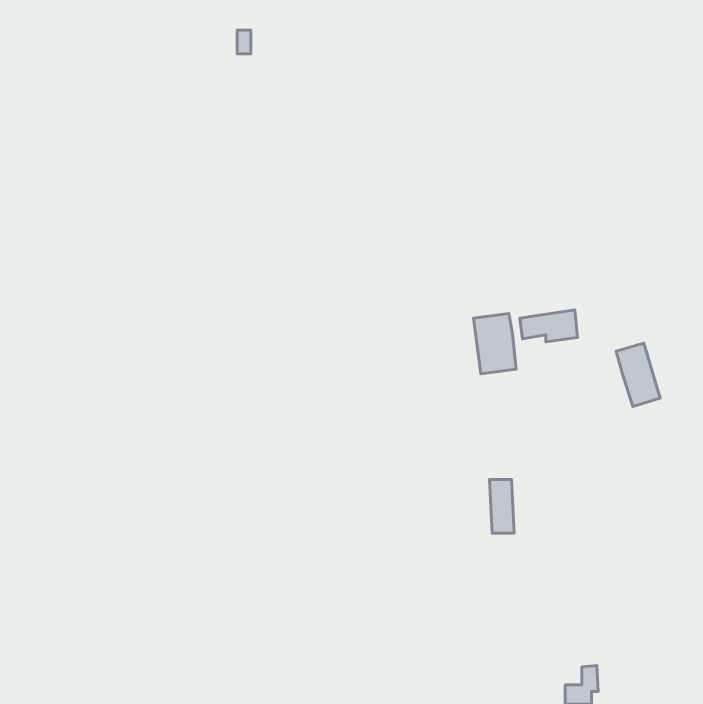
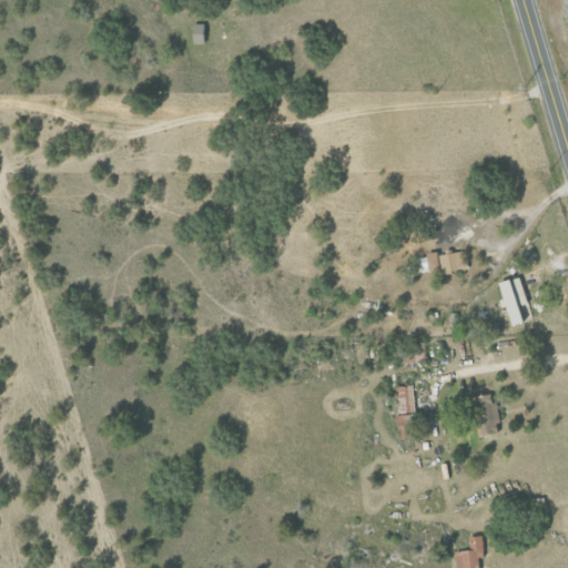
building: [474,313,516,374] -> none
building: none -> [471,394,499,436]

